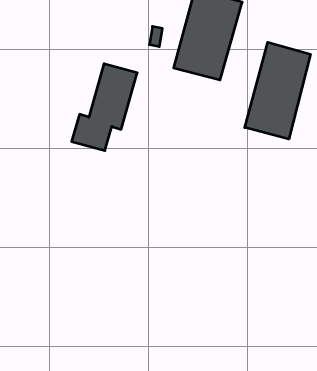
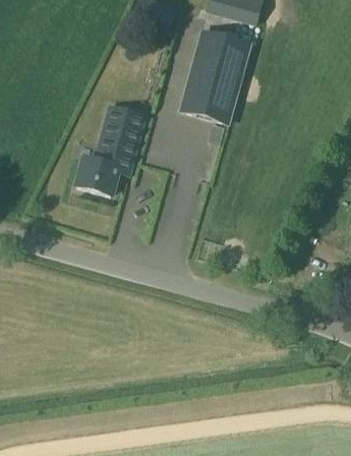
building: [245,42,310,139] -> none

